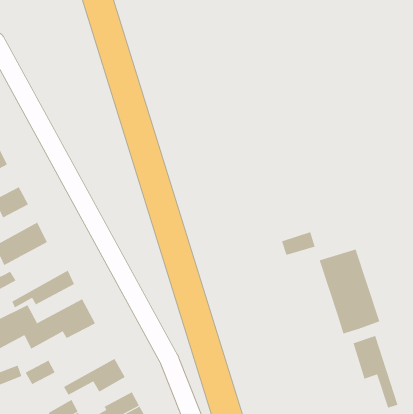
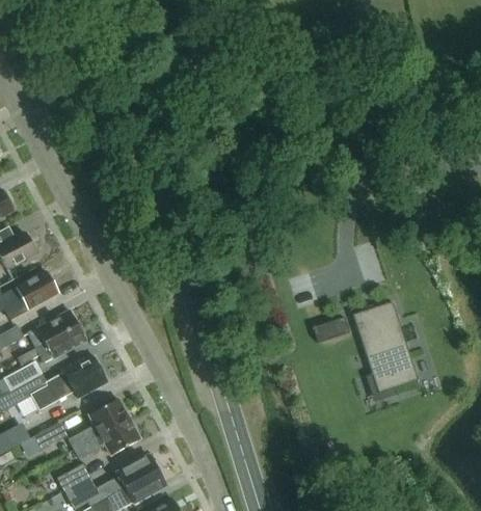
building: [281,232,316,256] -> [312,316,349,342]
building: none -> [17,310,79,358]
building: [353,335,398,409] -> none
building: none -> [68,399,130,451]

